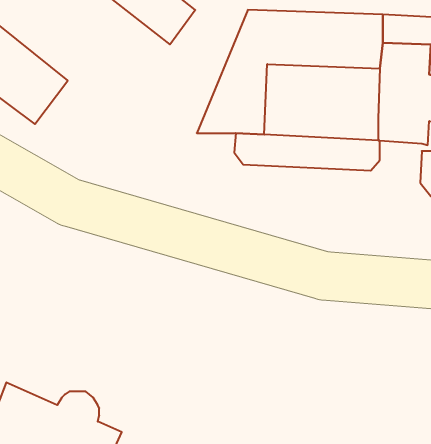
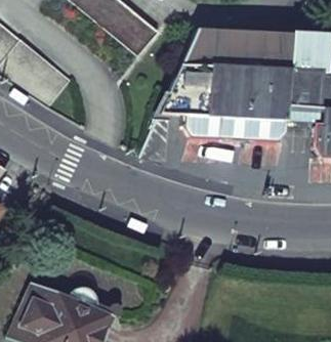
building: none -> [207,67,286,119]

